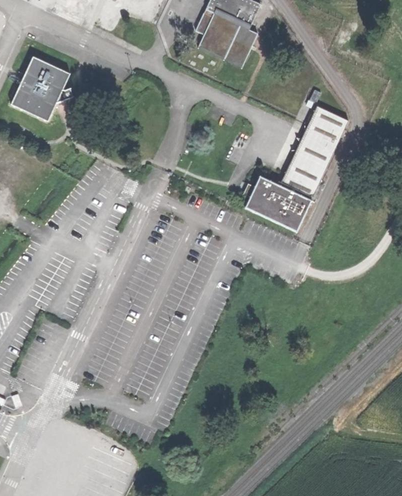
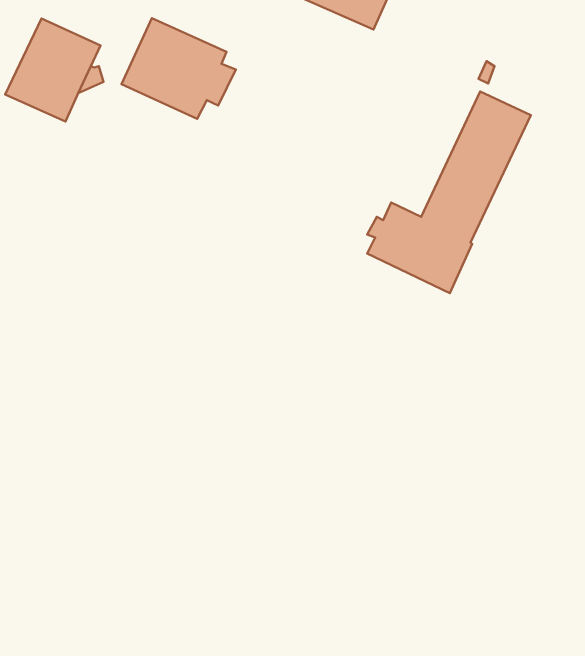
building: none -> [121,18,236,119]

